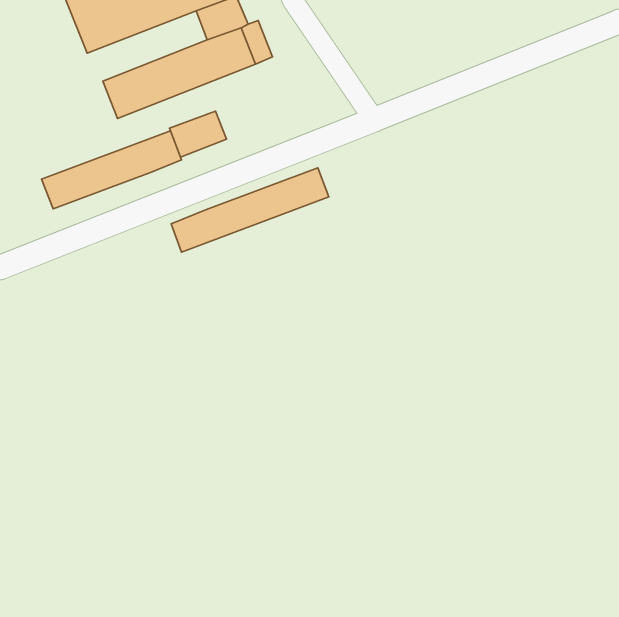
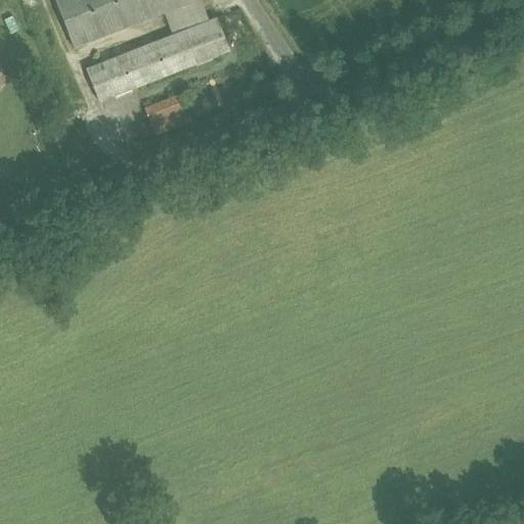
building: [42,131,181,209] -> none
building: [171,168,329,252] -> none

